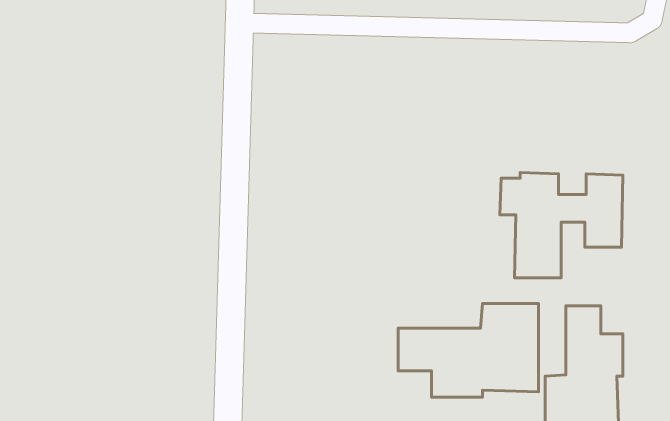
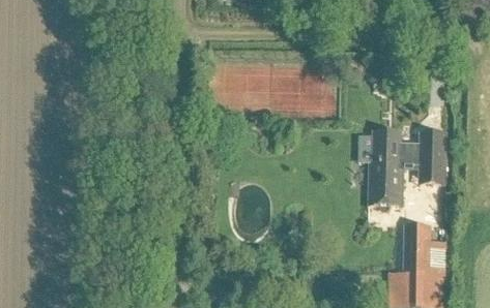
building: [398,303,538,397] -> none

